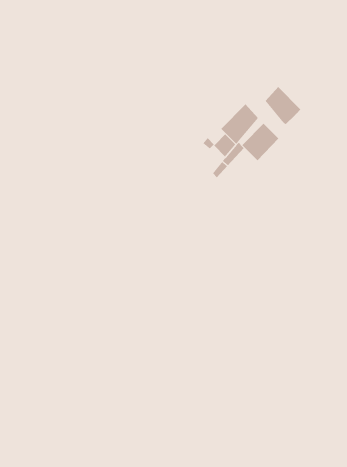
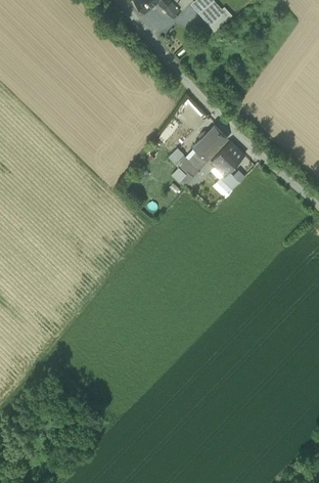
building: [265,86,301,125] -> none

